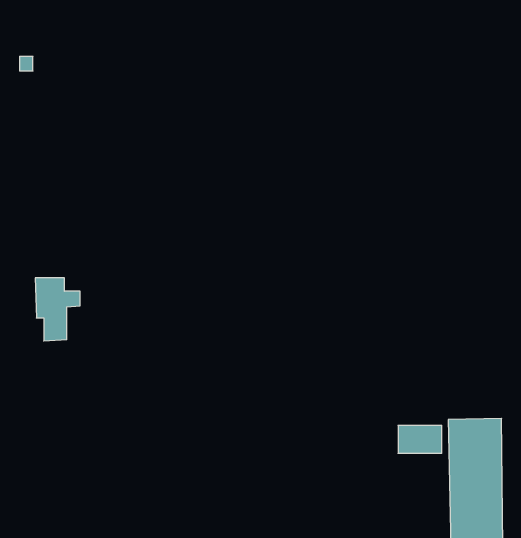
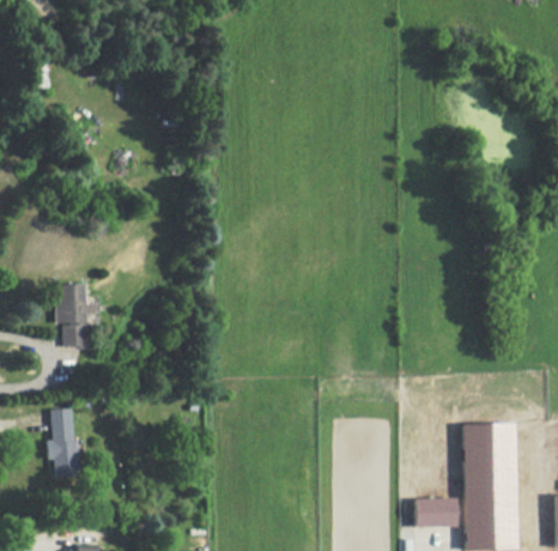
building: none -> [53,407,79,474]
building: [398,425,442,453] -> [416,498,459,526]

